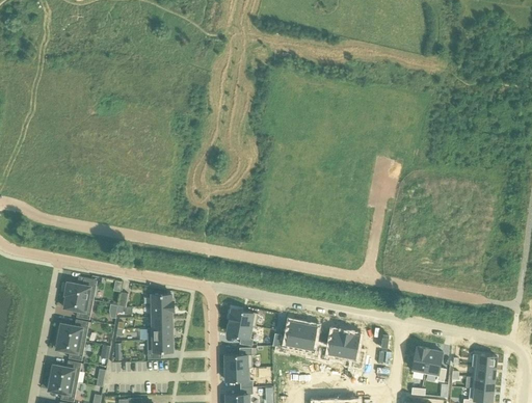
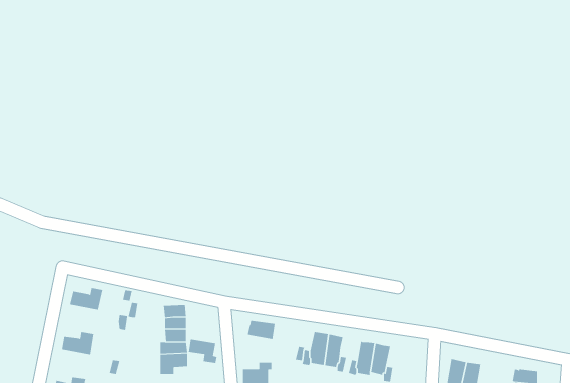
building: [62,294,91,319] -> none
building: [227,322,254,345] -> [188,339,217,364]
building: [54,335,84,360] -> none

